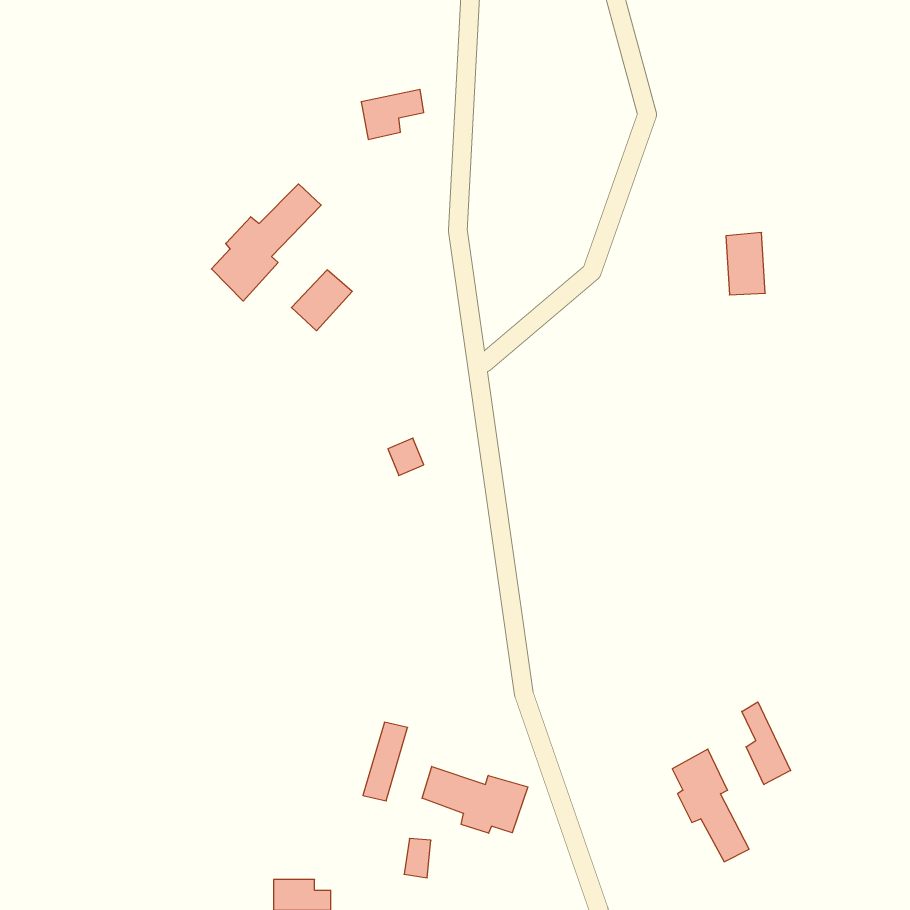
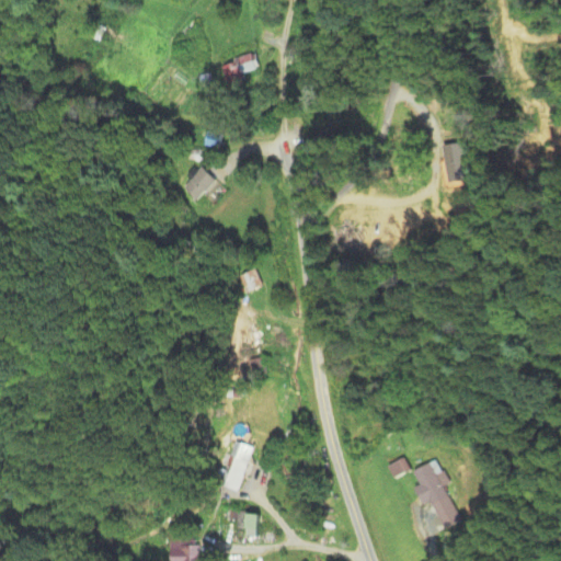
building: [211,184,321,301] -> none
building: [742,702,791,785] -> none
building: [422,766,528,833] -> none

